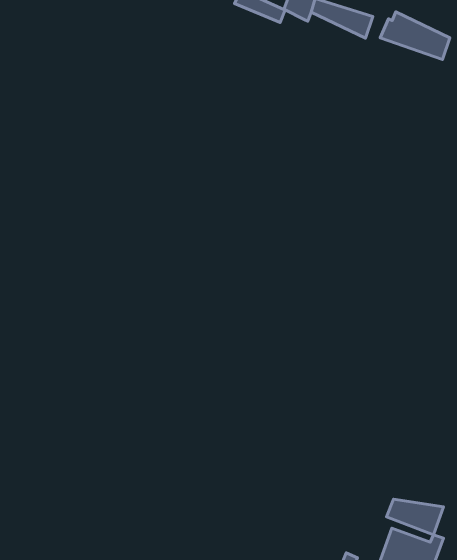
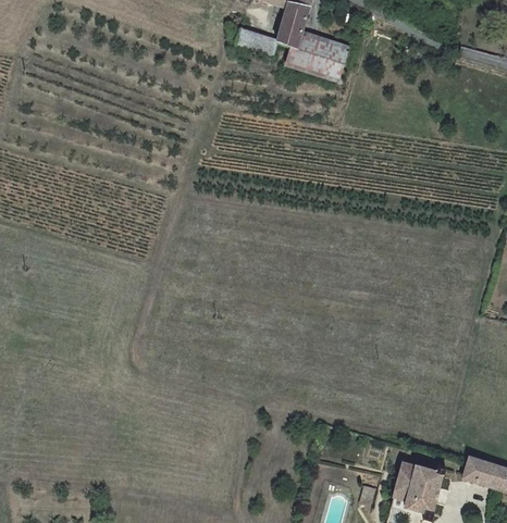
building: [380,12,450,60] -> [285,42,343,78]
building: [387,499,443,535] -> none

